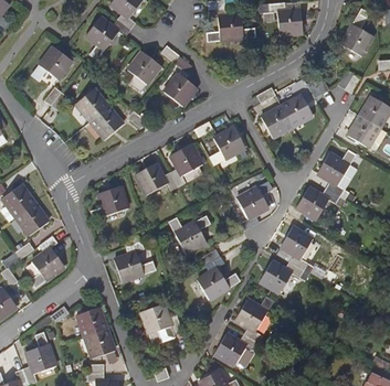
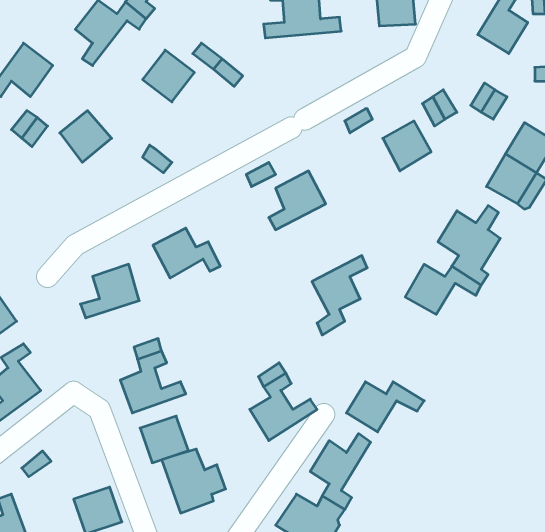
building: [164,73,197,106] -> none
building: [89,106,122,139] -> none
building: [260,106,293,138] -> none
building: [170,144,202,187] -> none
building: [168,215,210,253] -> none
building: [280,228,313,274] -> none
building: [76,307,107,336] -> [140,416,188,463]

